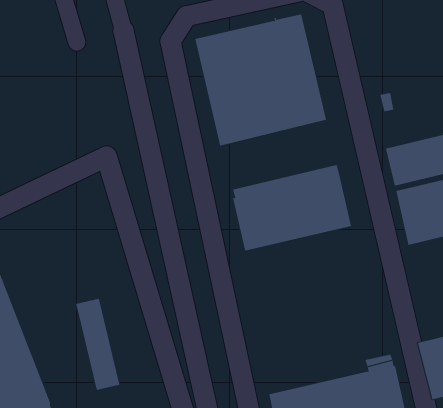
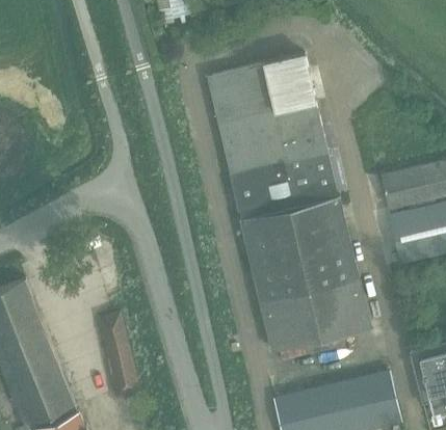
building: none -> [230,151,337,214]
building: none -> [253,247,370,353]

